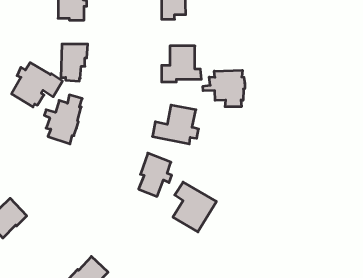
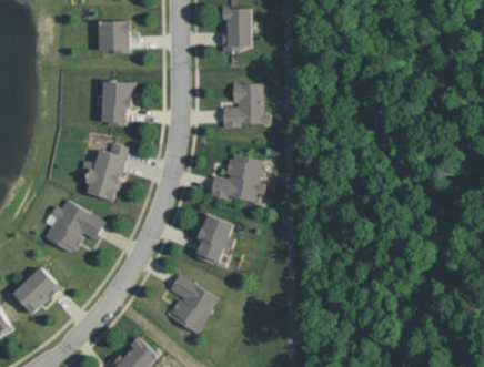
building: [12,63,62,107] -> [43,200,104,253]
building: [203,70,245,107] -> none
building: [173,182,216,232] -> [167,274,219,334]

